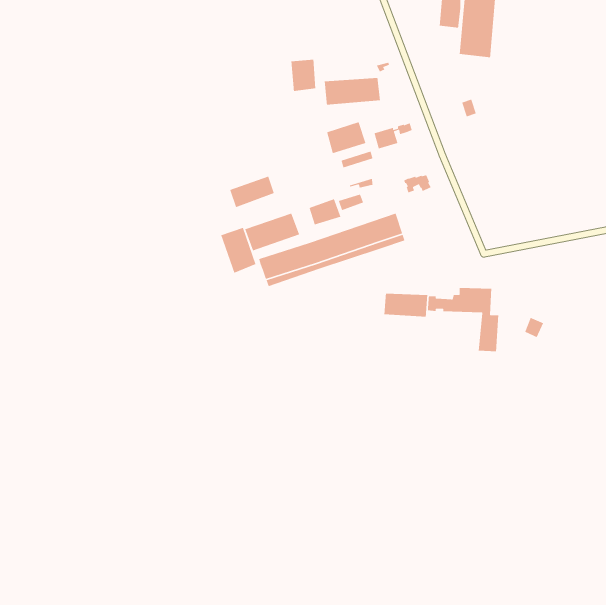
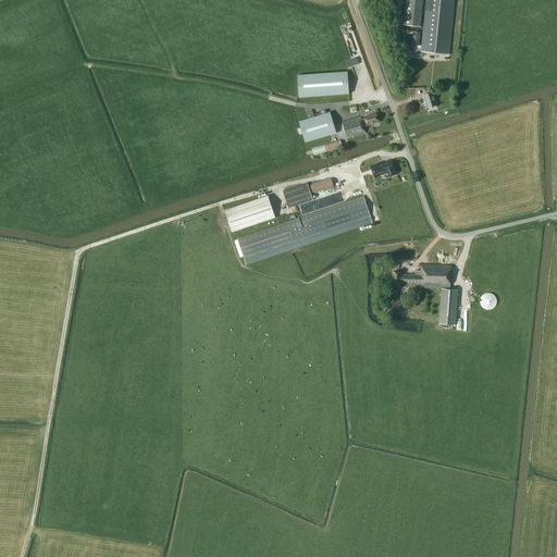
building: [290,59,316,92] -> none
building: [229,176,275,208] -> none
building: [220,227,256,274] -> none
building: [383,293,428,318] -> none

